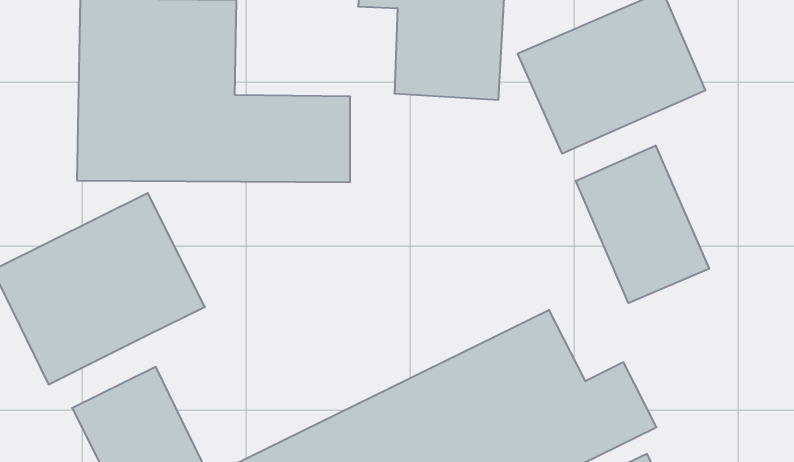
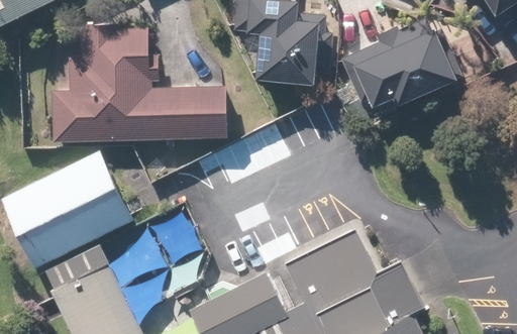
building: [576,145,709,303] -> none

